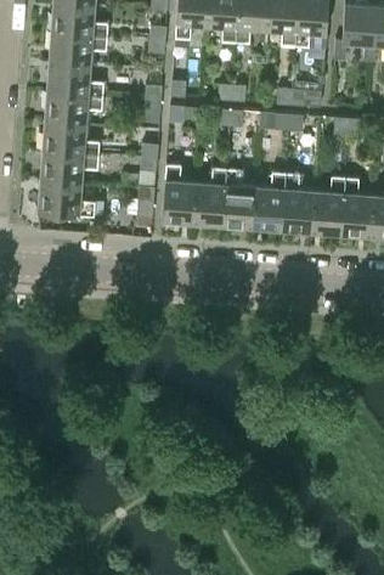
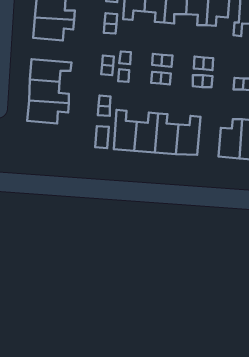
building: [46,62,105,97] -> none
building: [283,175,317,232] -> none
building: [38,181,96,215] -> none

